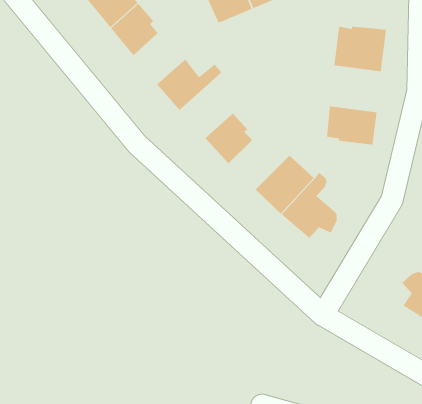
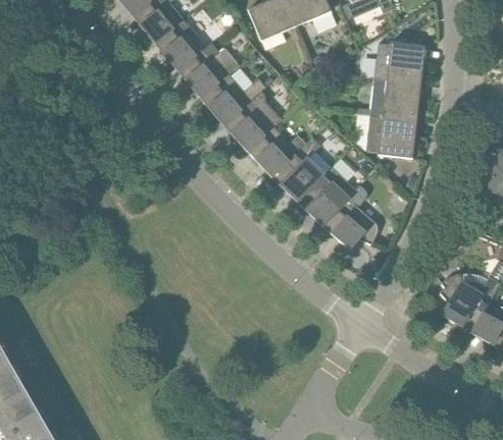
building: none -> [179,49,230,99]
building: none -> [369,80,420,125]
building: none -> [223,91,282,151]
building: none -> [271,138,323,201]

